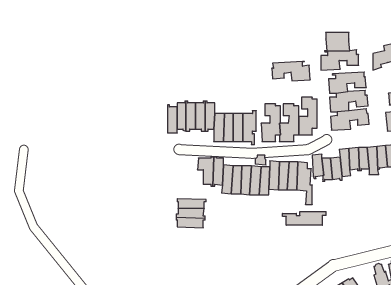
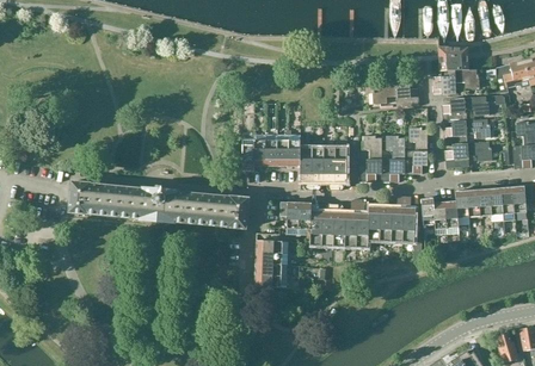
building: none -> [69,182,247,229]
building: none -> [254,234,290,254]
building: [283,212,326,225] -> none

